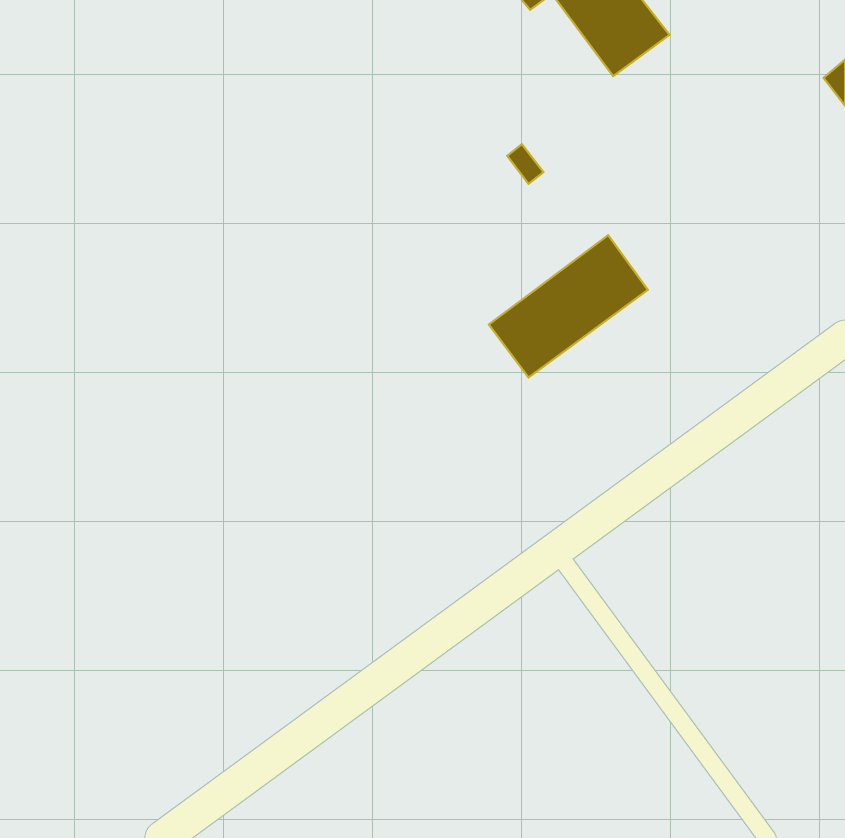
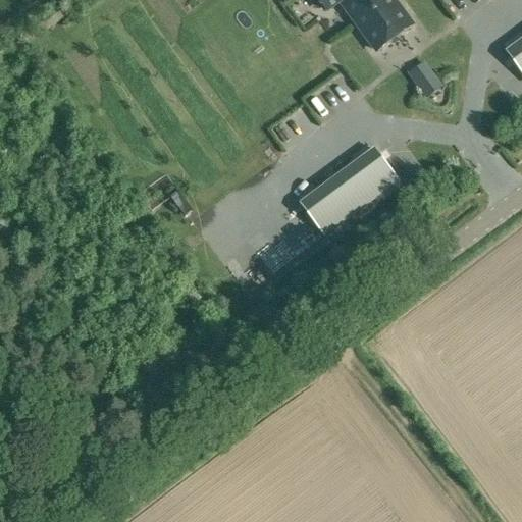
building: none -> [405,61,439,100]

